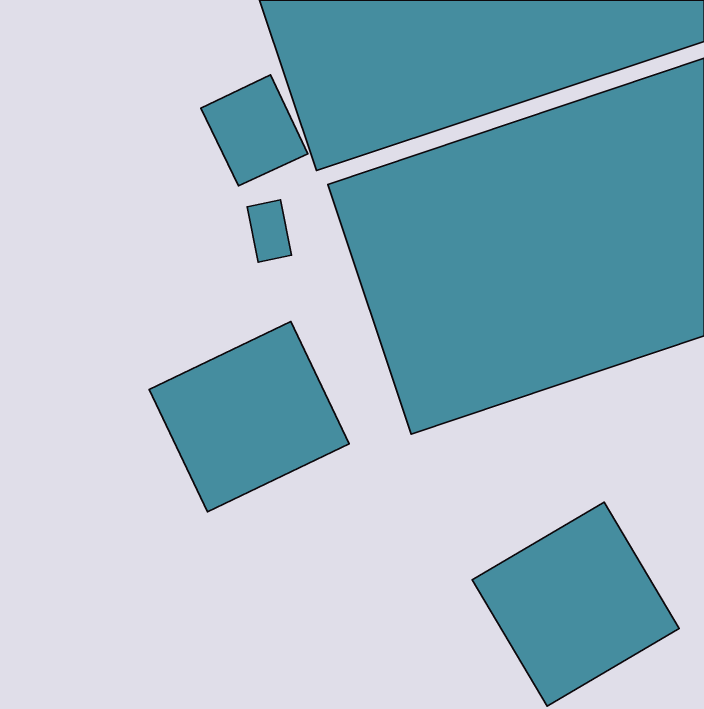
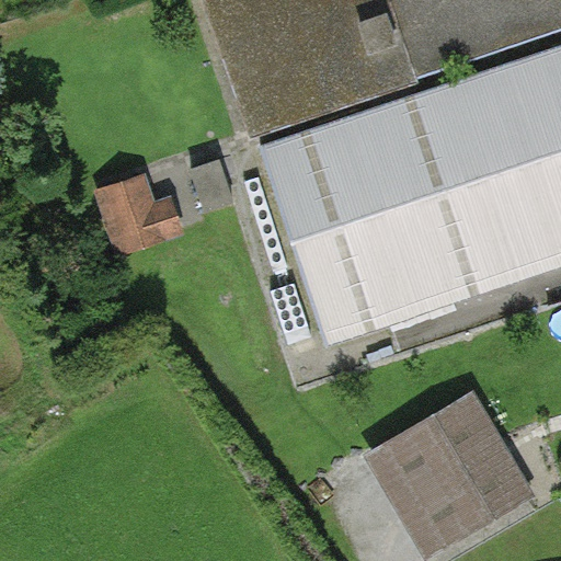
building: [201,75,308,186] -> [99,165,183,253]
building: [149,321,349,512] -> none

